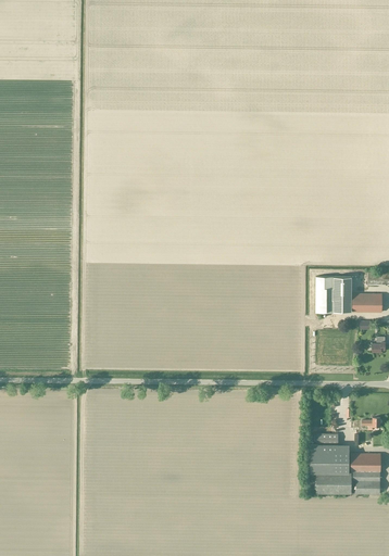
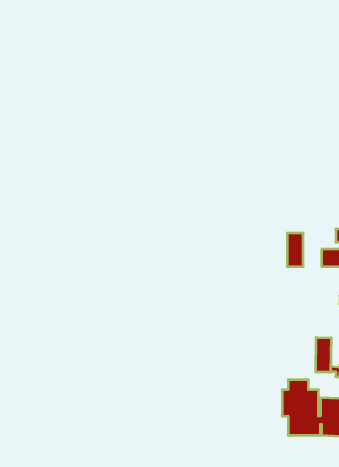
building: [332,277,352,313] -> none
building: none -> [316,337,331,372]

